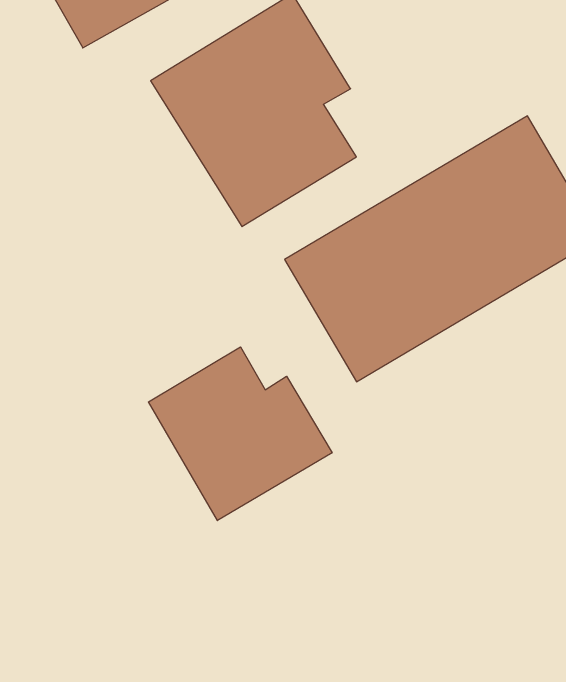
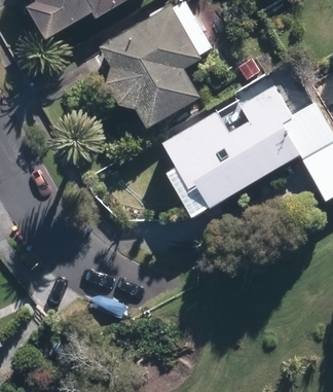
building: [148,347,332,521] -> none

